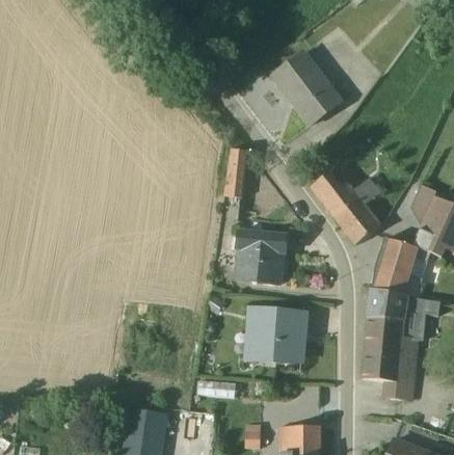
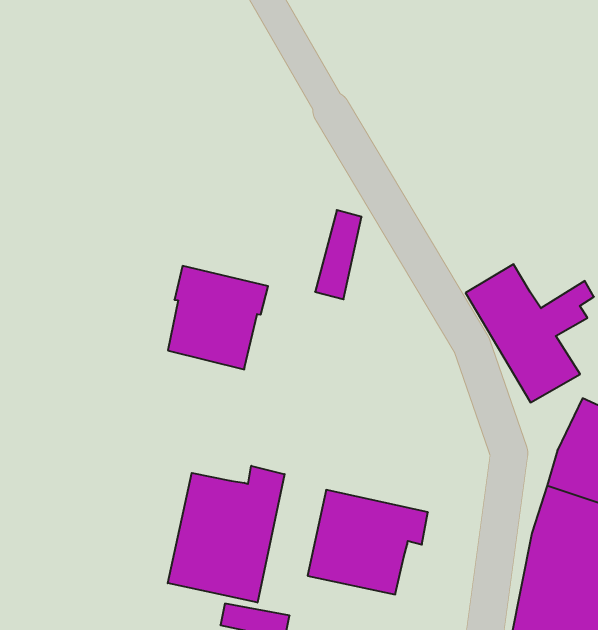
building: [272,51,342,125] -> none
building: [235,232,287,286] -> [168,266,268,369]
building: none -> [168,466,285,603]

